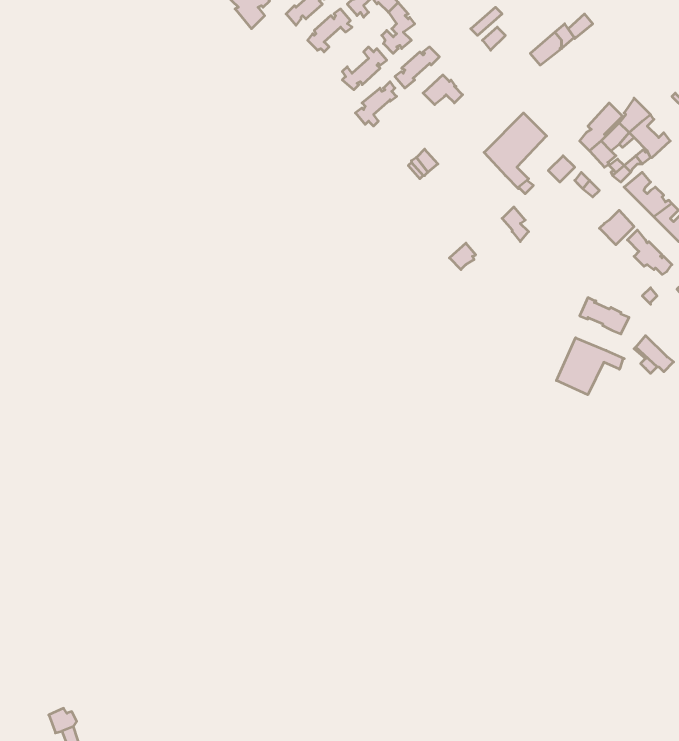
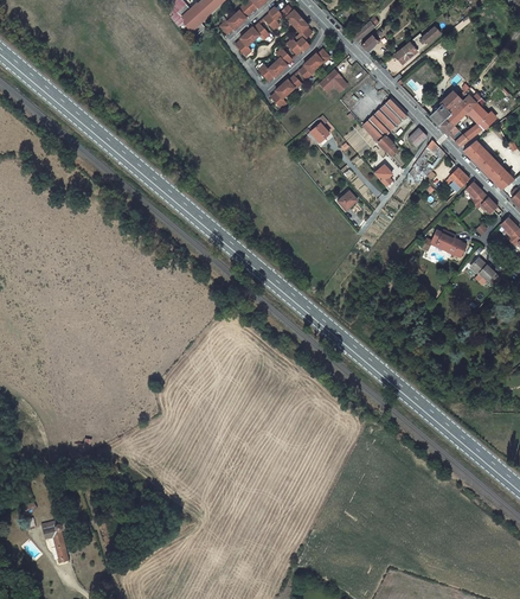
building: [556,338,624,395] -> none

